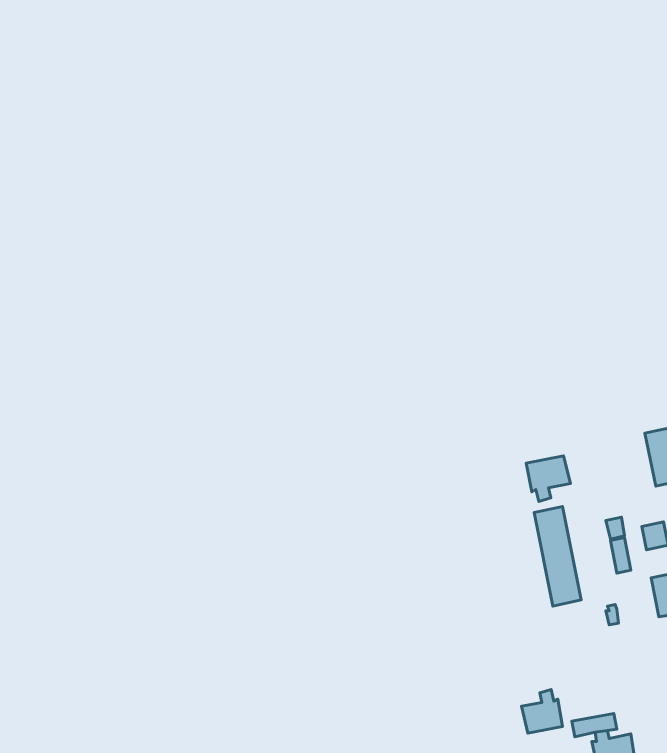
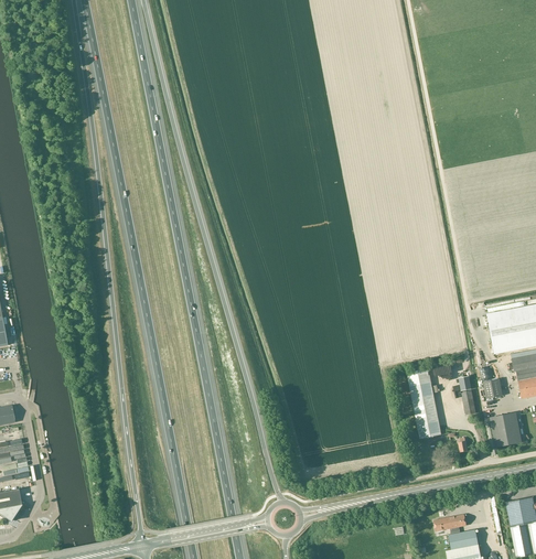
building: [526,456,570,502] -> none
building: [521,689,563,733] -> none

